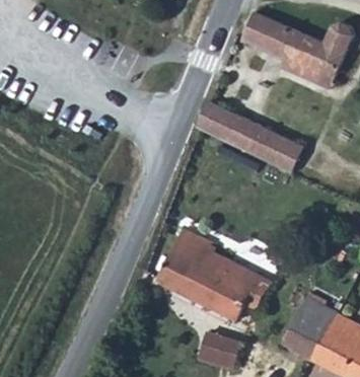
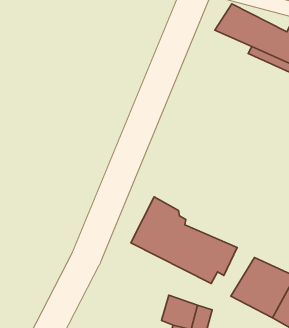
building: [197,98,305,173] -> none

